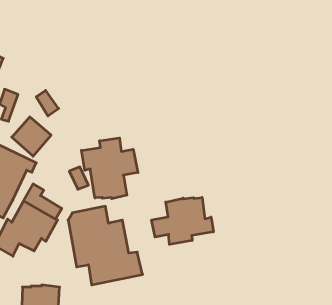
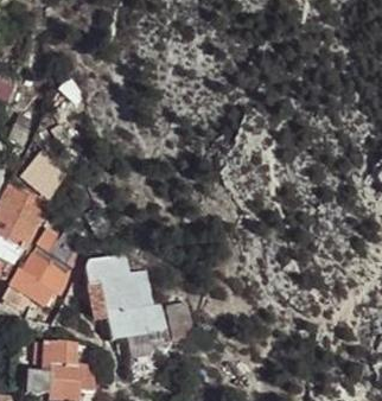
building: [81,138,138,199] -> none
building: [152,197,213,244] -> none

